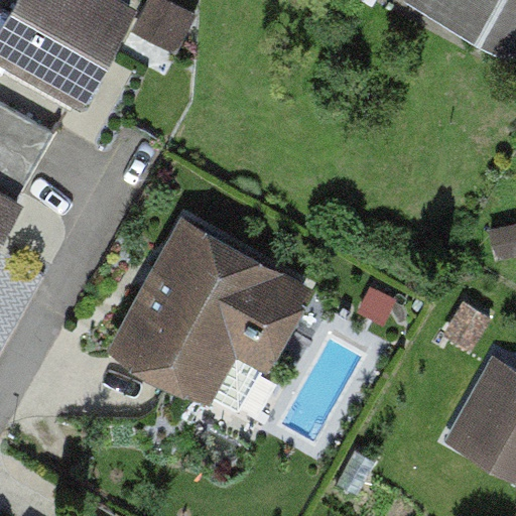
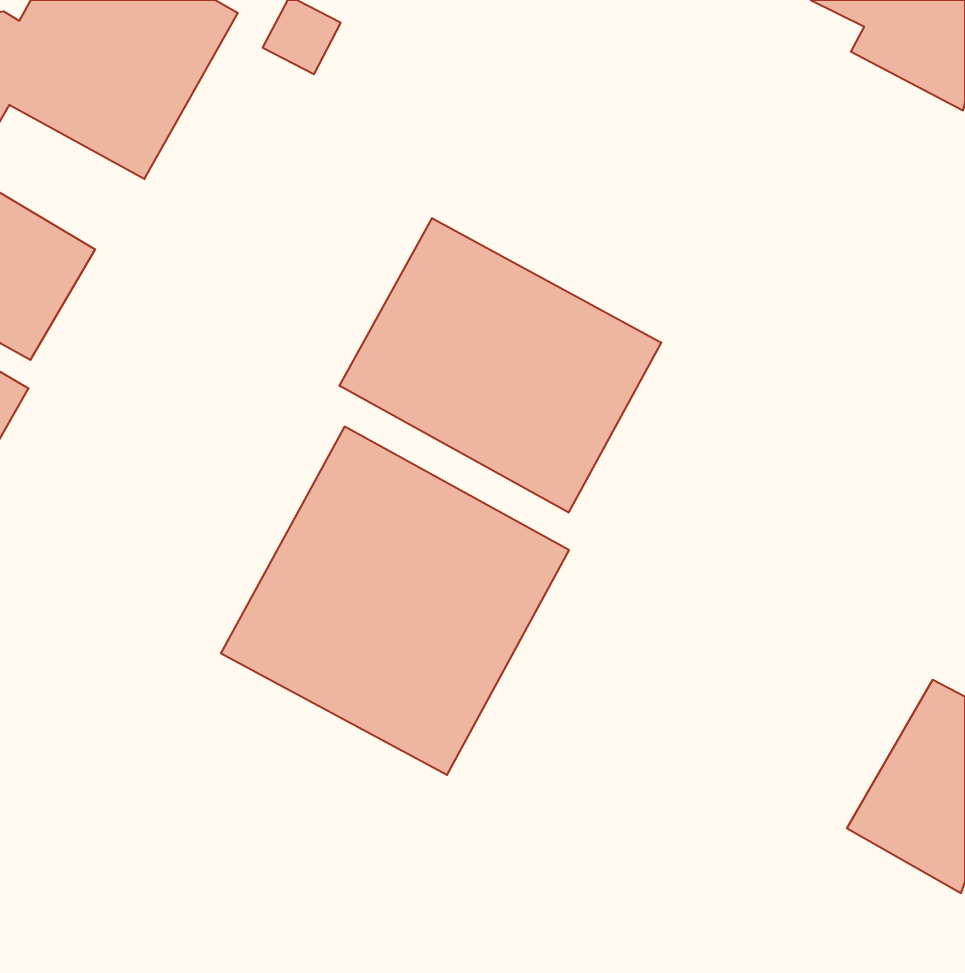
building: none -> [339,218,661,513]

